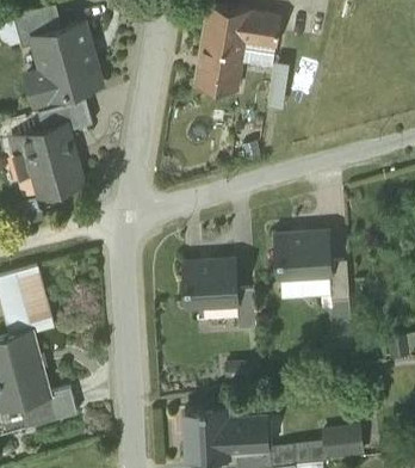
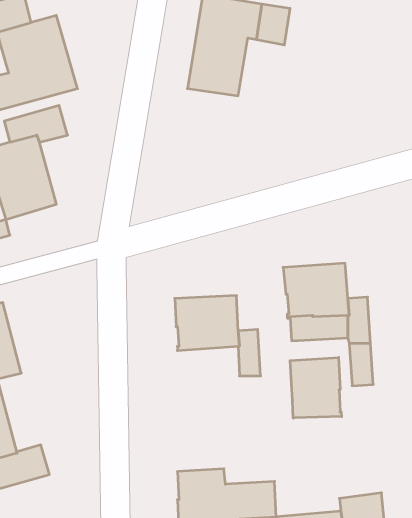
building: none -> [290,357,342,418]

